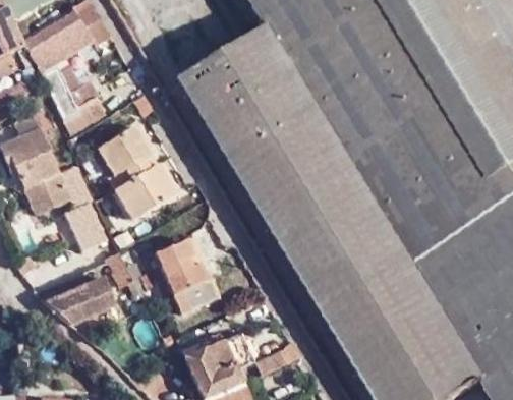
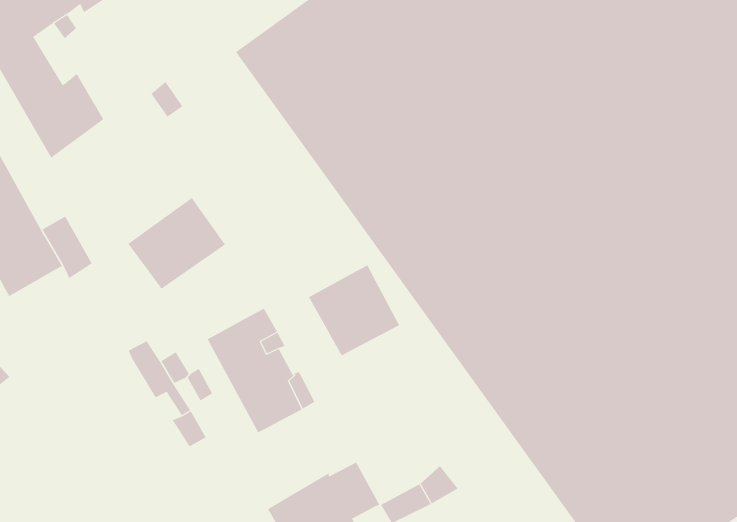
building: [97,126,154,188] -> none
building: [62,198,107,249] -> none
building: none -> [308,265,400,356]
building: [44,277,115,323] -> none

